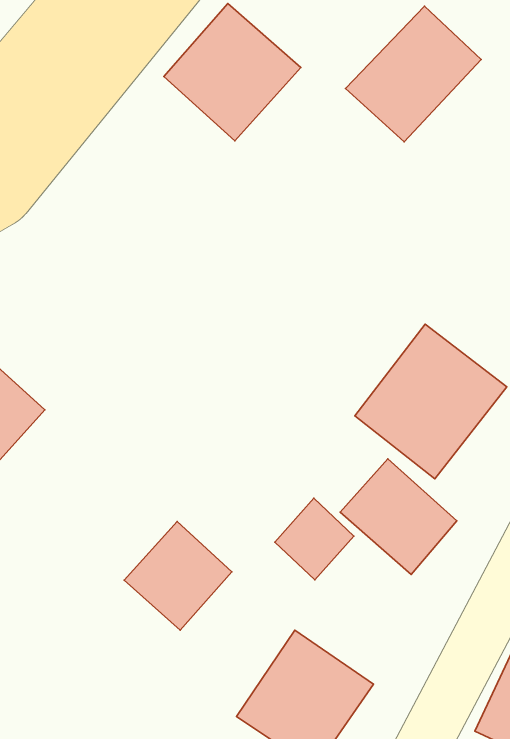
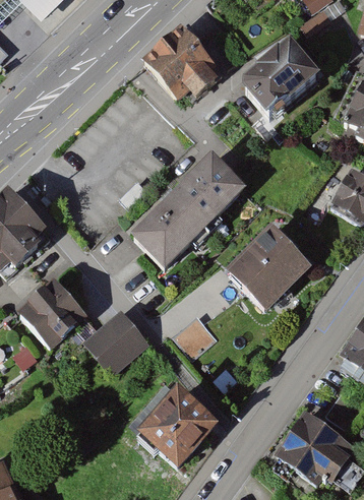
building: none -> [133,150,250,266]
building: [340,459,457,574] -> none
building: none -> [22,280,92,350]

